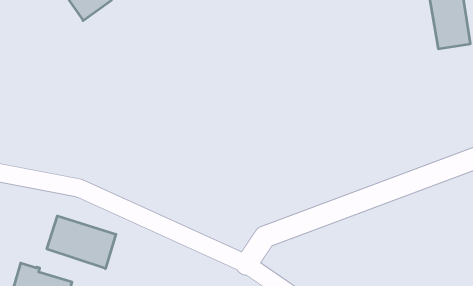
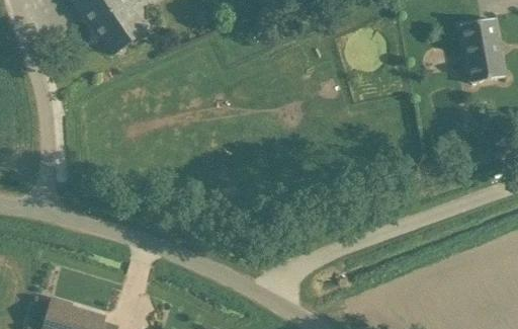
building: [47,216,116,269] -> none

